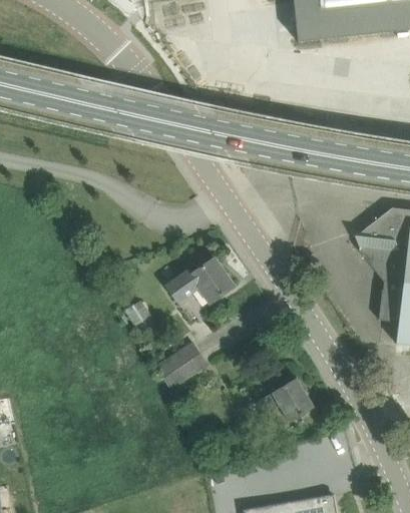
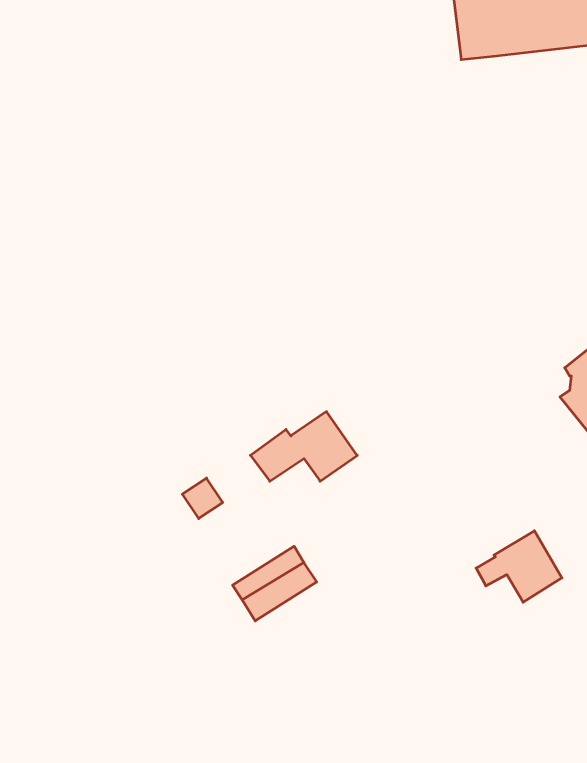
building: [261,379,314,423] -> [476,531,562,602]

